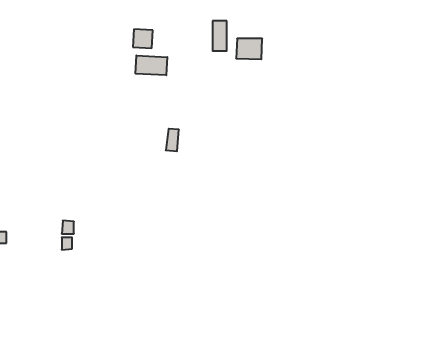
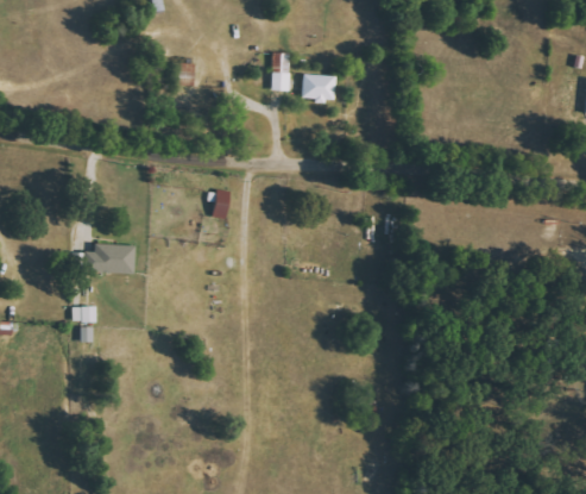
building: [136,55,167,75] -> none
building: none -> [77,244,134,274]

